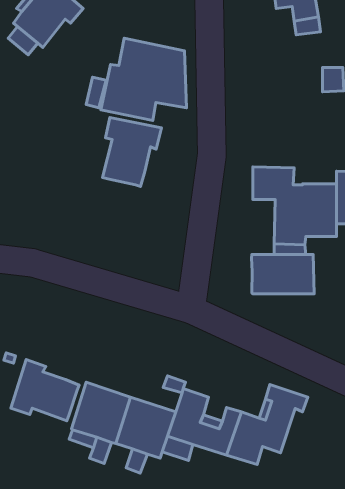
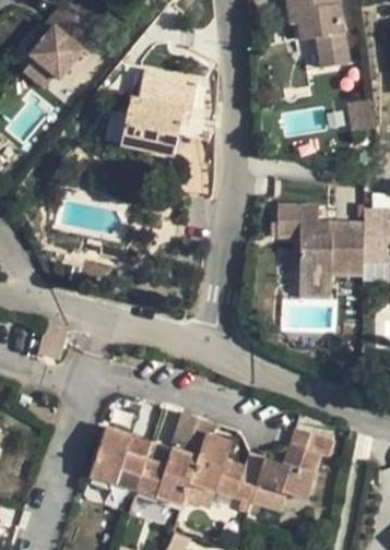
building: [103,117,161,186] -> none
building: [252,254,314,294] -> none
building: [11,360,79,421] -> none

